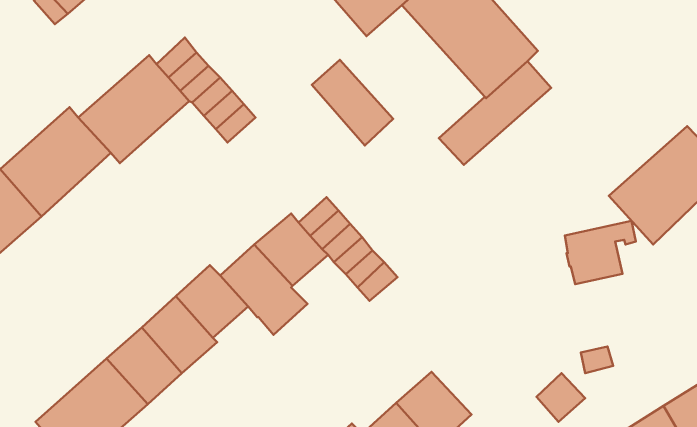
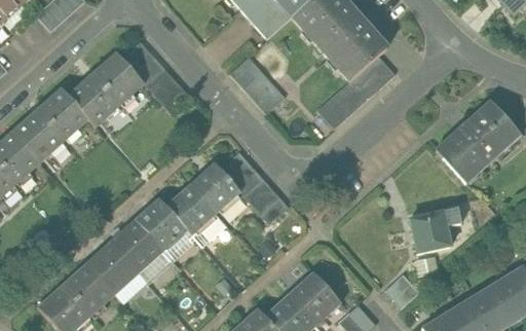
building: [565,221,636,284] -> [411,208,460,252]

